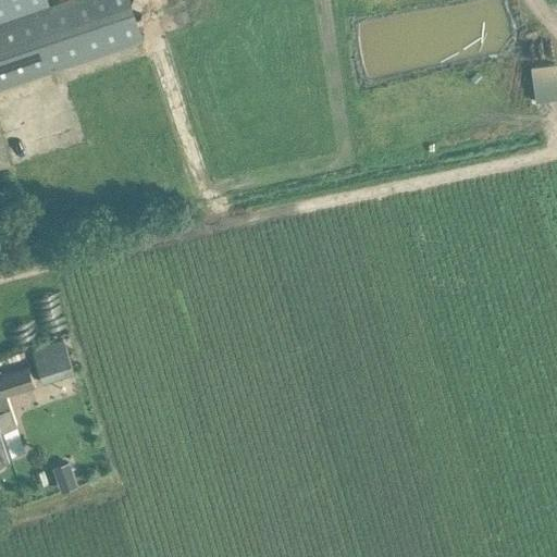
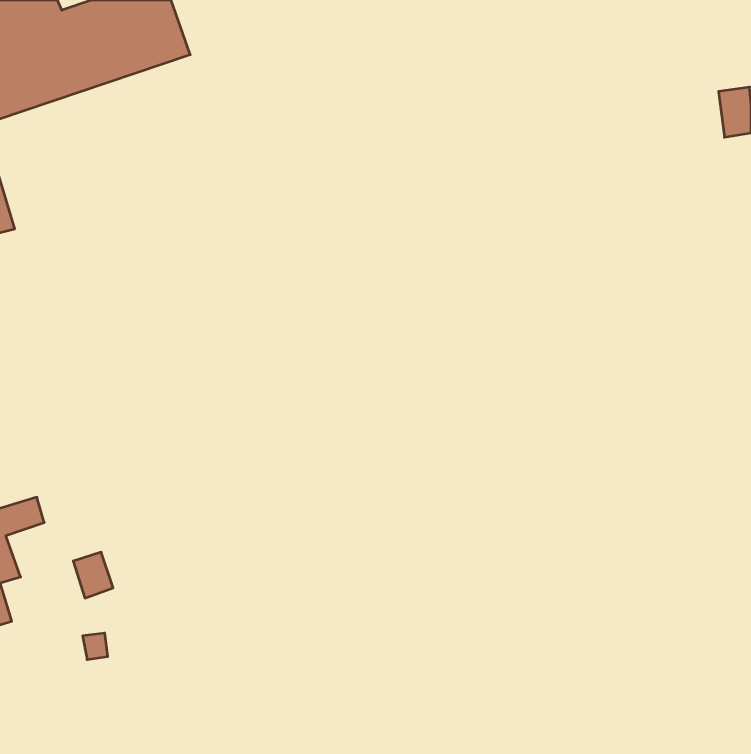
building: [33,349,62,383] -> [73,552,113,598]

